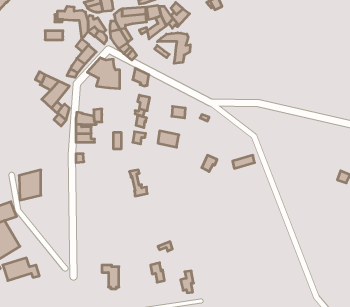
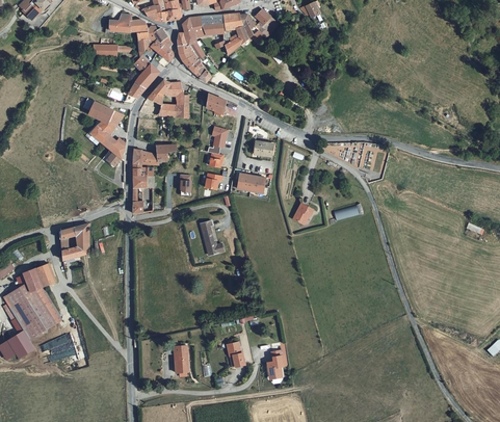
building: [157,33,190,63] -> none

